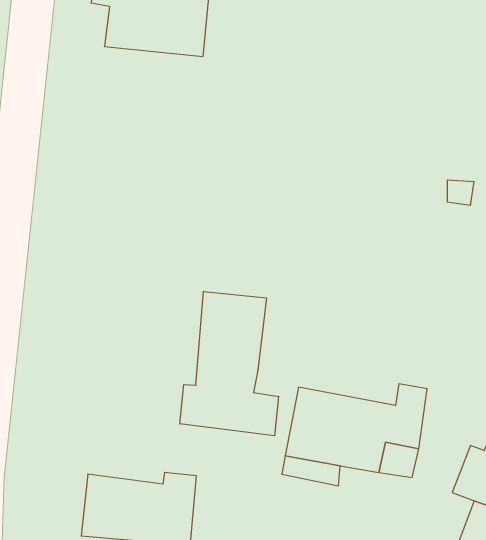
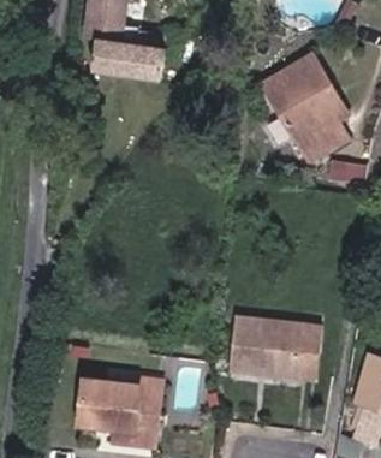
building: none -> [266,53,349,155]
building: [180,291,279,436] -> none

